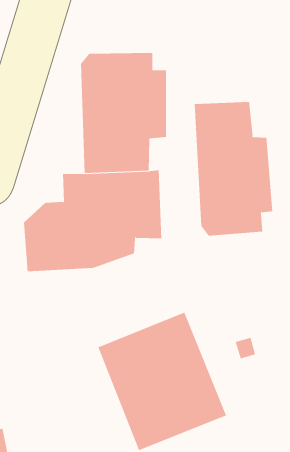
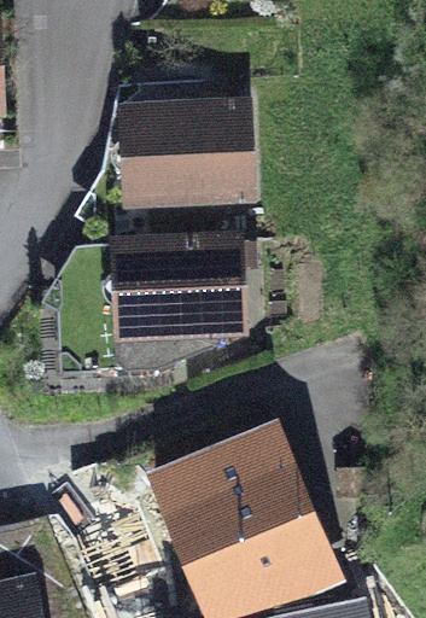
building: [194,101,273,237] -> none

